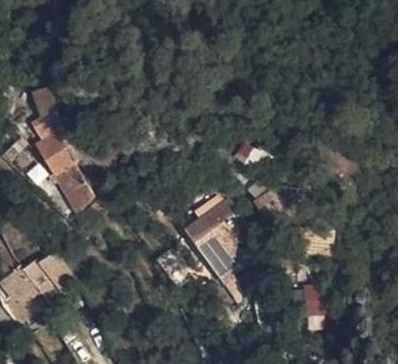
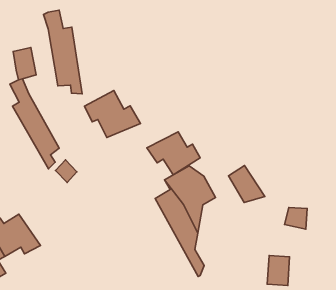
building: none -> [44,10,82,94]
building: none -> [85,90,141,138]
building: none -> [147,132,200,175]

